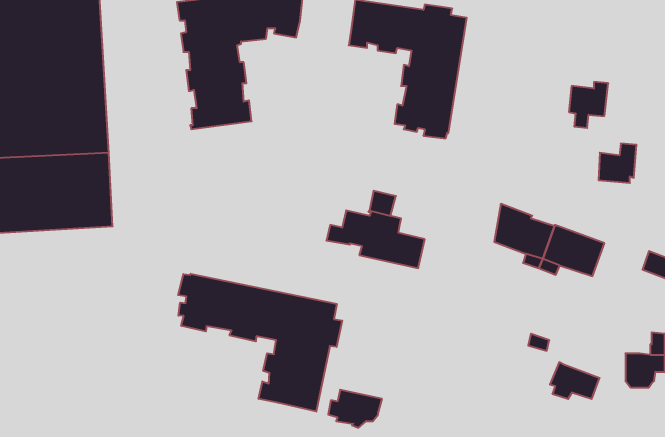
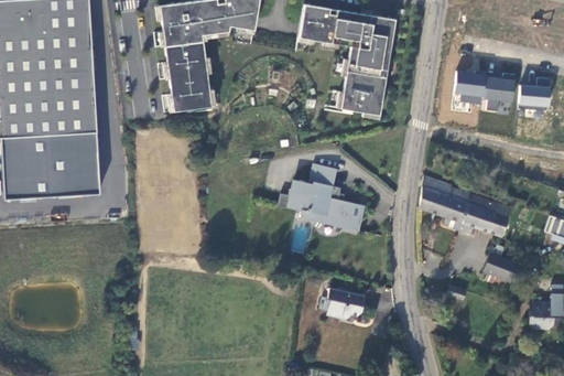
building: none -> [453,72,485,104]
building: [599,144,637,183] -> [518,77,550,110]
building: [178,274,342,412] -> none
building: [550,362,600,399] -> [482,253,524,283]
building: [328,390,382,428] -> [319,288,365,320]

